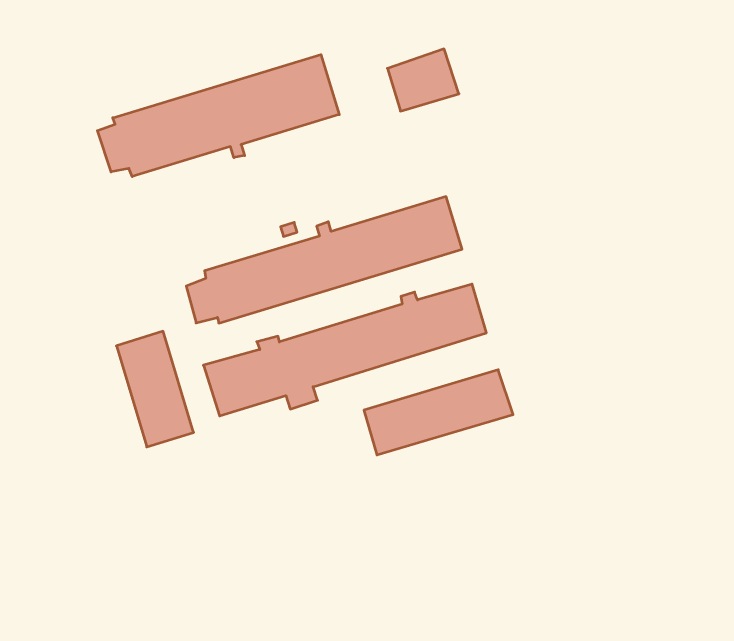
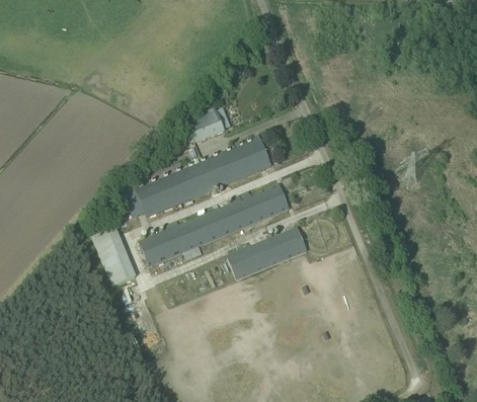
building: [387,49,459,111] -> [185,107,225,143]
building: [97,55,339,177] -> none

